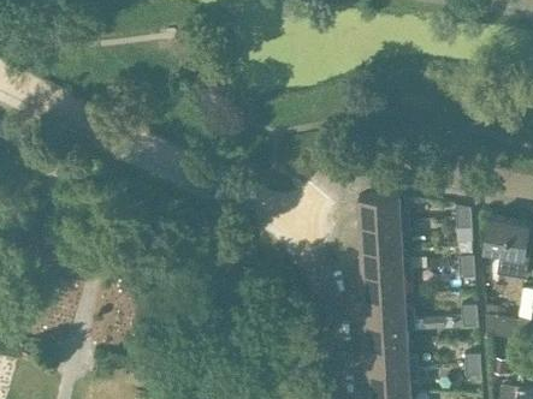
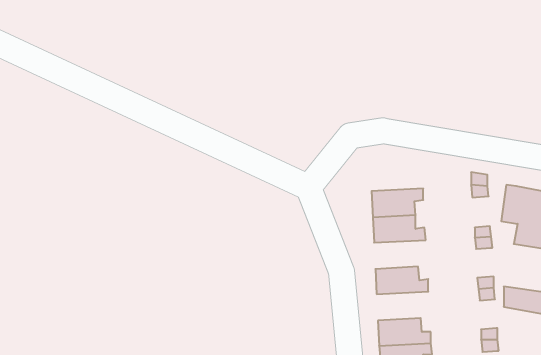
building: [359,196,410,224] -> none
building: [363,270,413,298] -> none
building: [366,320,416,347] -> none

